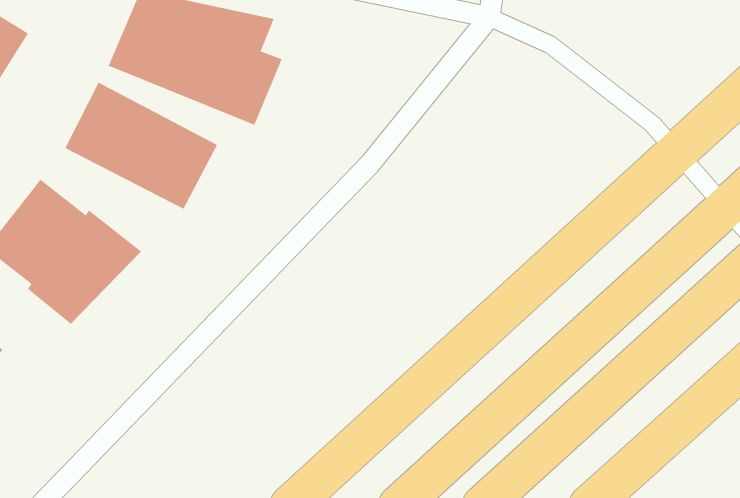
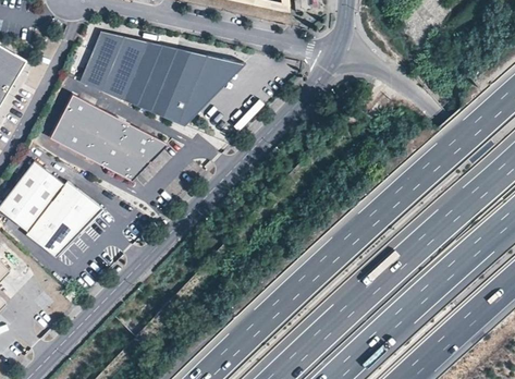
building: none -> [177,51,244,126]
building: none -> [130,136,167,181]

